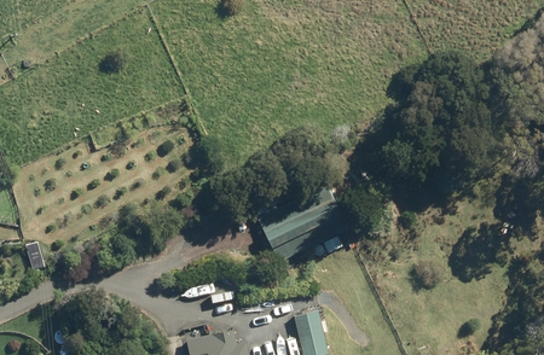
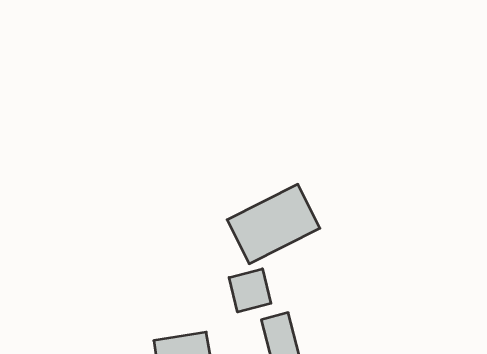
building: none -> [229,269,271,312]

